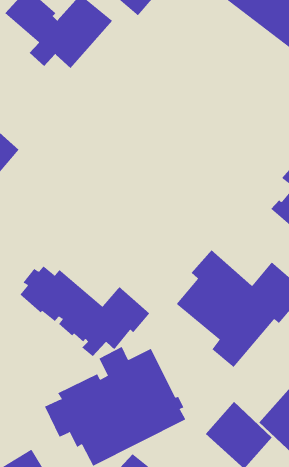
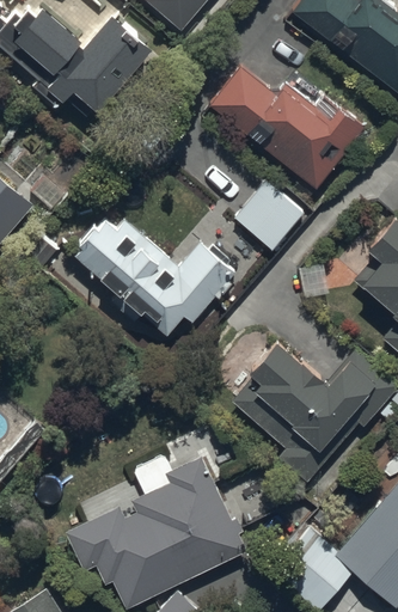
building: none -> [209,66,366,188]
building: none -> [235,189,306,258]
building: [20,266,150,357] -> [72,228,238,344]

